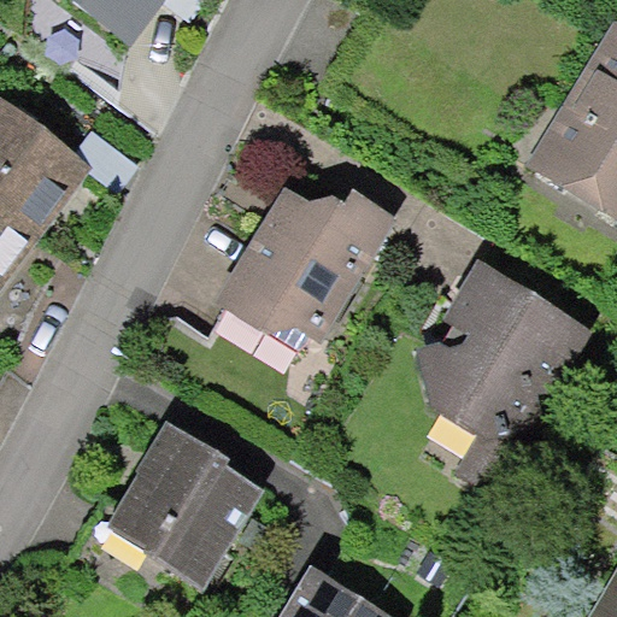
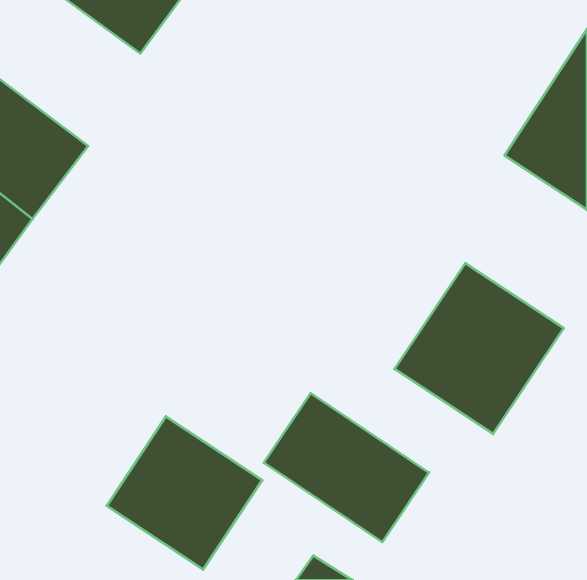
building: [221,155,398,345] -> none
building: none -> [264,393,429,542]

